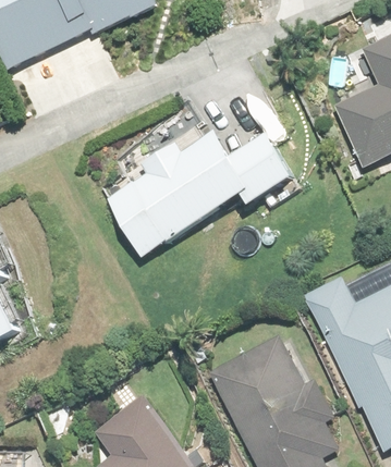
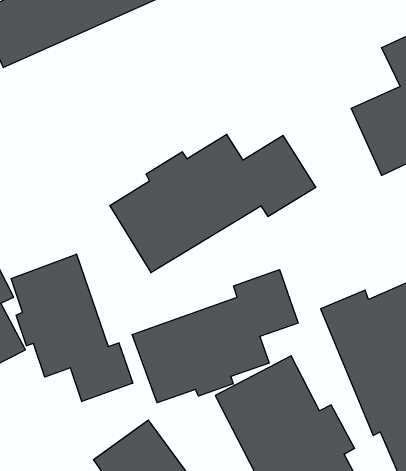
building: none -> [11,254,133,402]
building: none -> [132,270,298,403]

